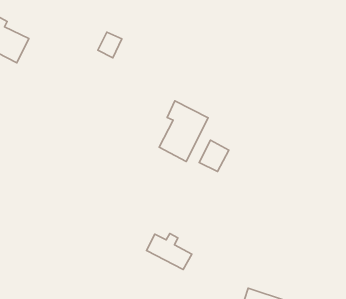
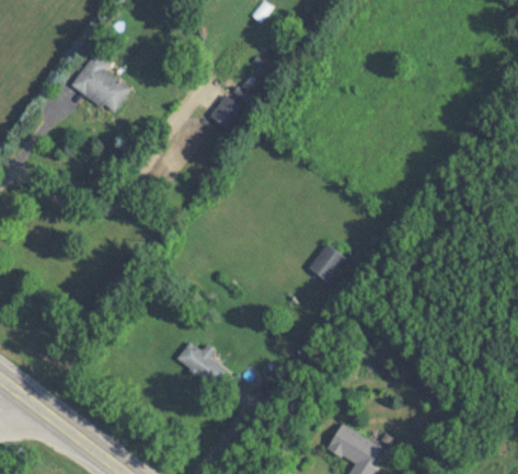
building: [159,101,208,161] -> none
building: [147,234,192,269] -> [176,342,229,389]

